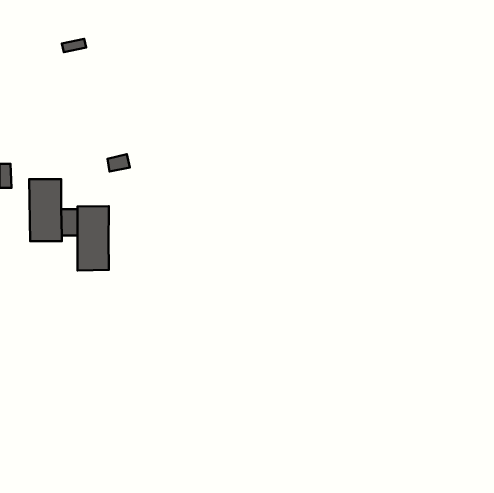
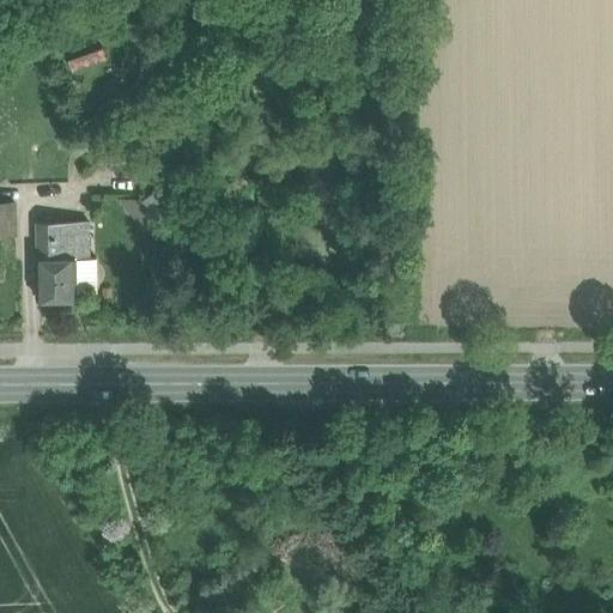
building: [77,206,109,270] -> none

